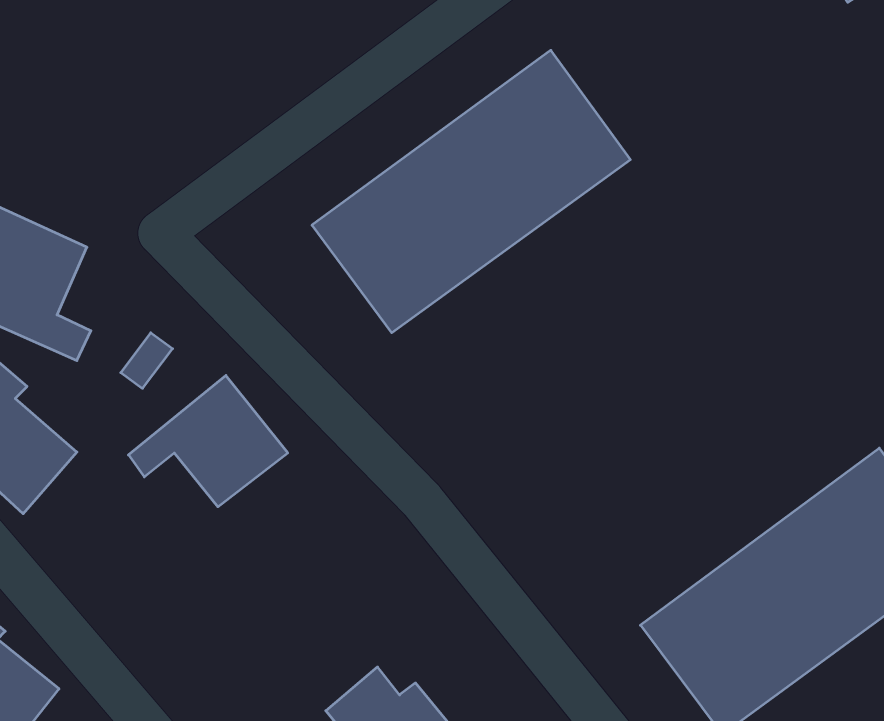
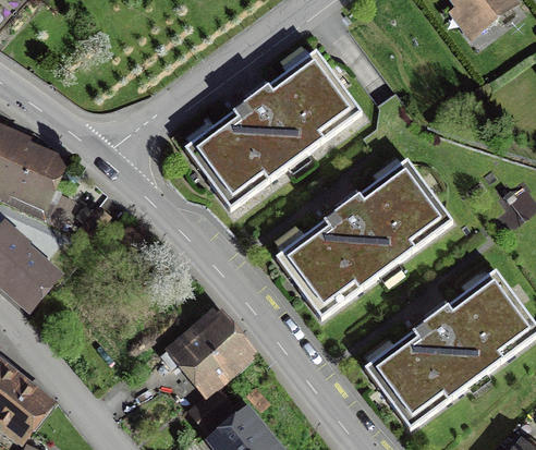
building: none -> [276,160,452,316]
building: [128,375,288,507] -> [161,312,248,384]

